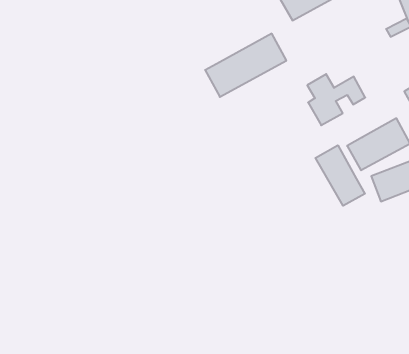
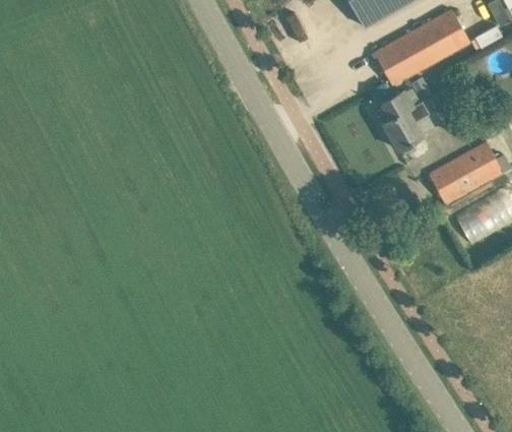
building: [205,34,286,97] -> [375,10,470,84]
building: [315,145,365,206] -> none

